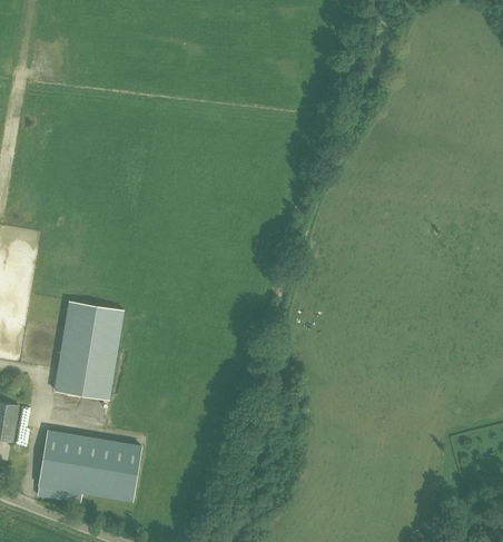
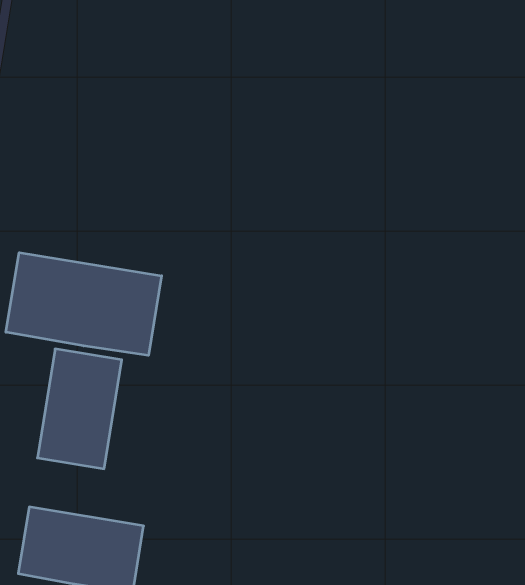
building: none -> [6,253,162,355]

